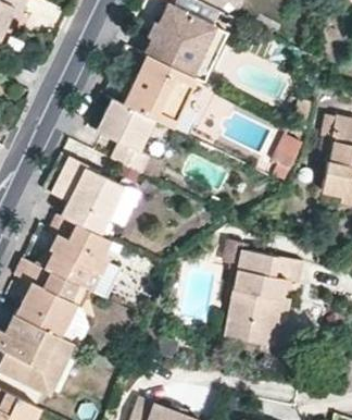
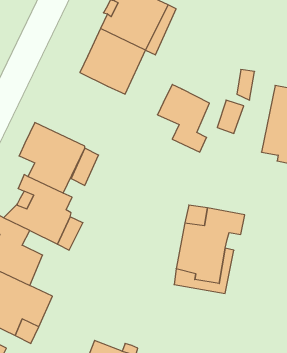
building: [93,98,151,173] -> [157,84,209,152]

